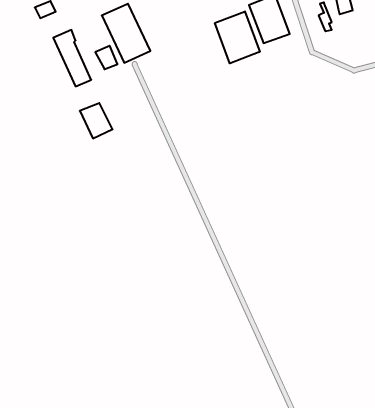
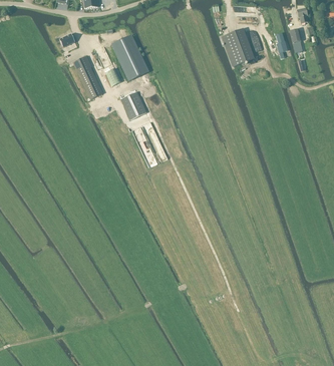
building: [215,11,260,63] -> none
building: [80,103,113,138] -> [121,92,146,119]

